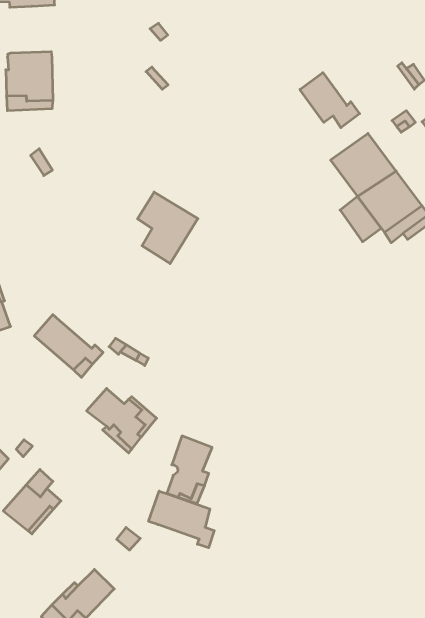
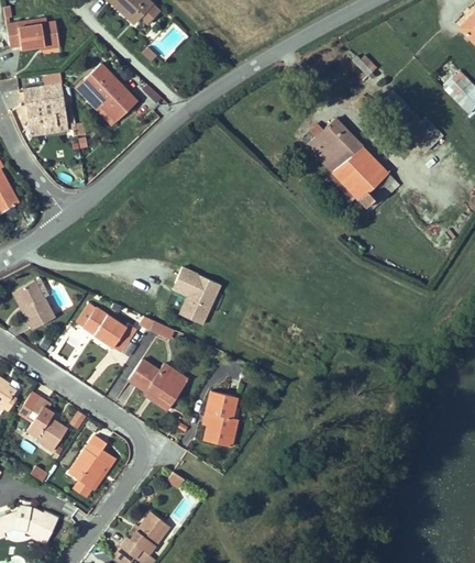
building: none -> [76,63,136,120]
building: [300,73,360,128] -> none
building: [138,192,198,264] -> [172,268,222,327]
building: [149,491,214,548] -> none

